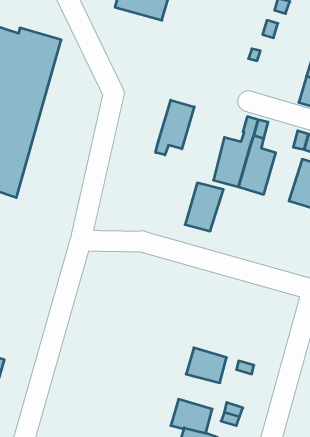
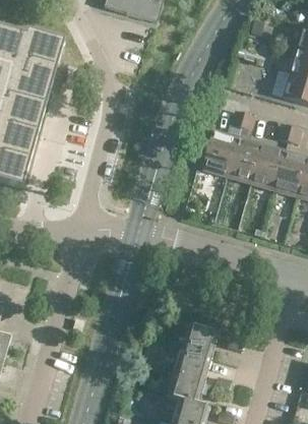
building: [156,100,194,155] -> none
building: [185,183,223,231] -> [251,144,287,189]
building: none -> [172,350,210,382]

